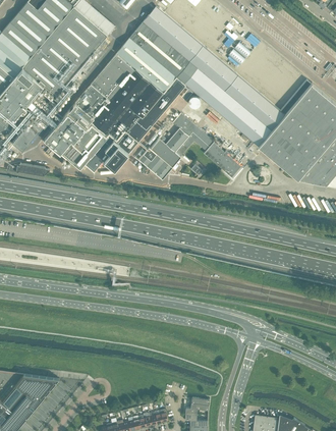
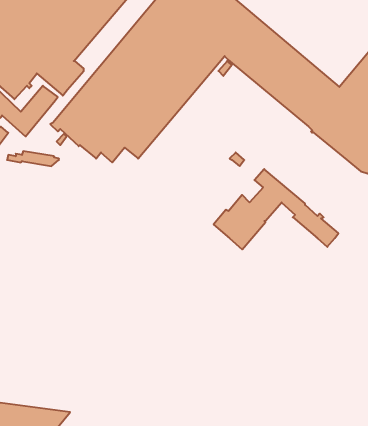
building: [137,113,240,179] -> [214,169,338,249]

